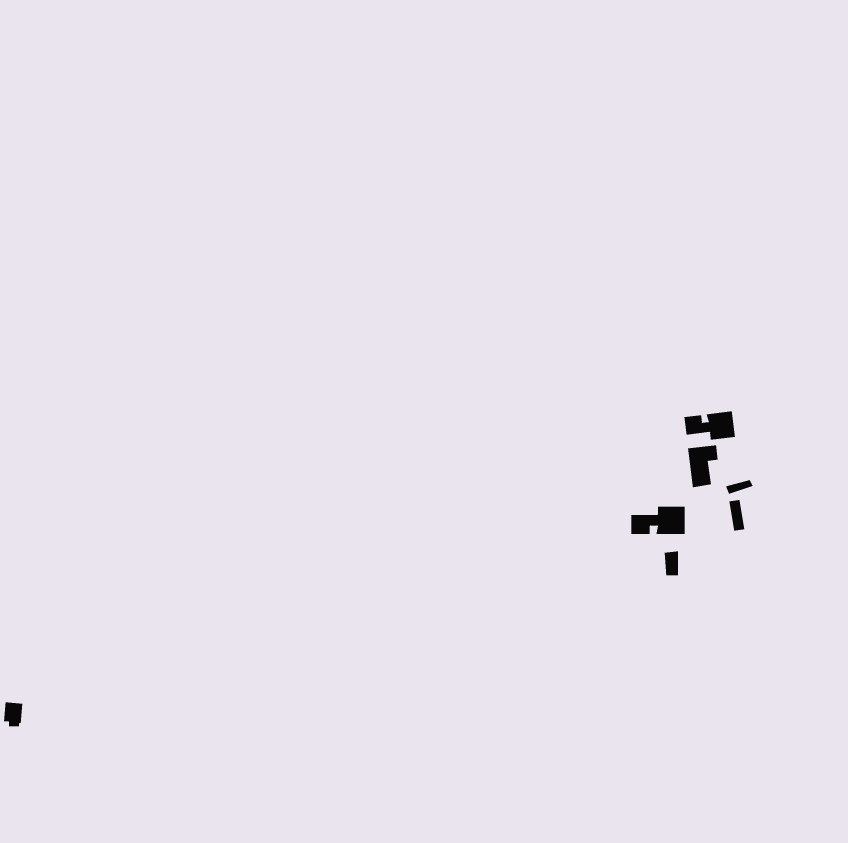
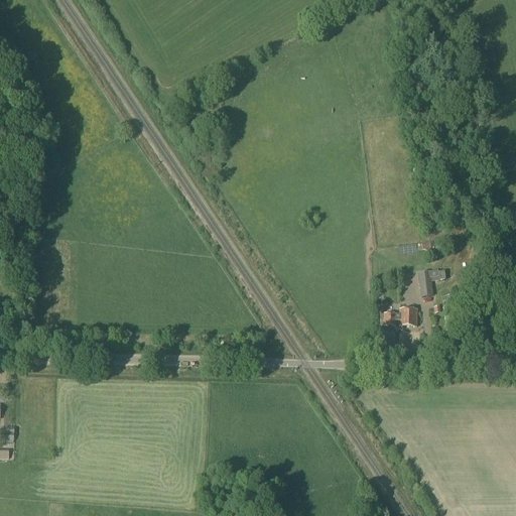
building: [684,411,736,440] -> none

